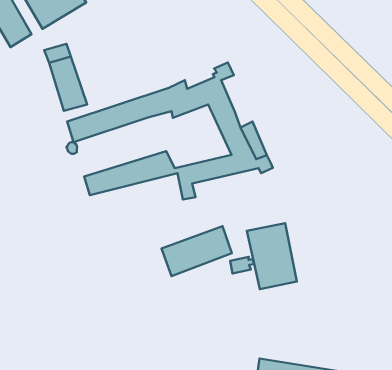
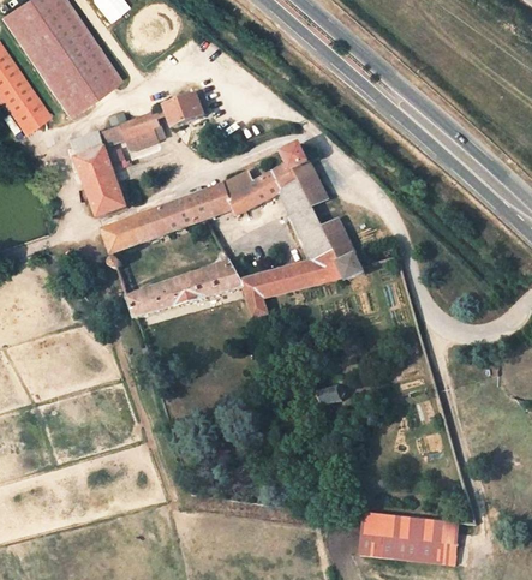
building: none -> [102,95,203,148]
building: none -> [293,159,327,204]
building: [247,223,297,289] -> none
building: [161,226,232,276] -> none

